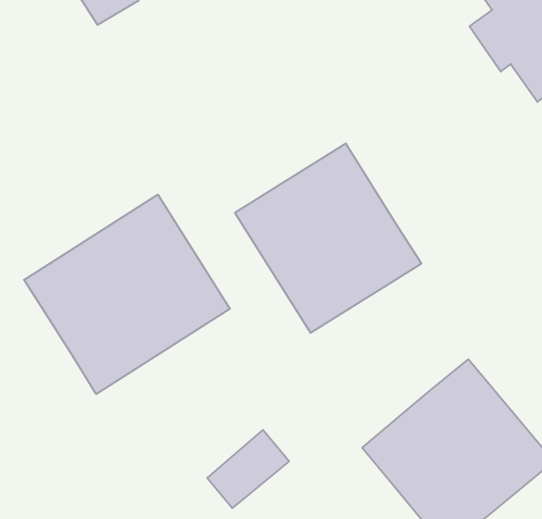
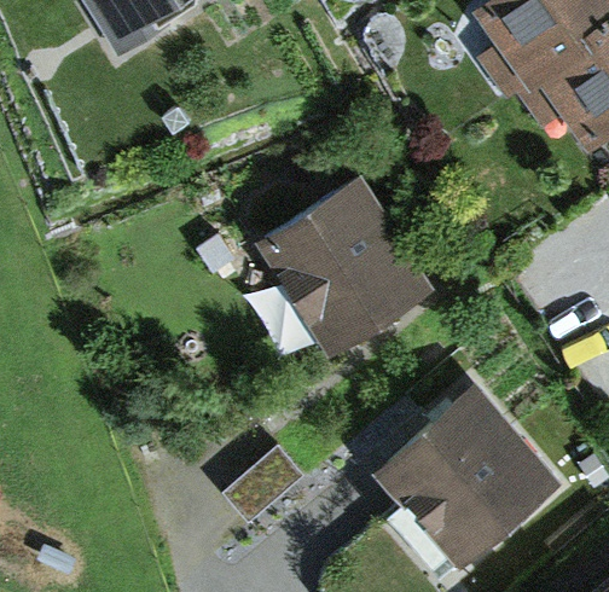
building: [24,195,230,394] -> none

